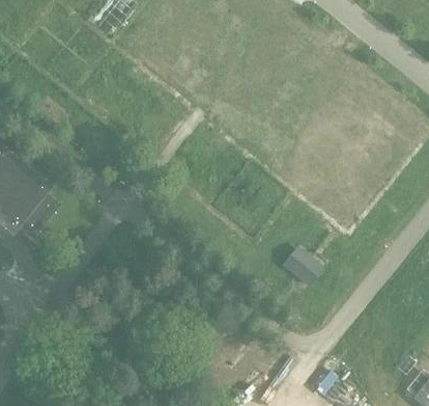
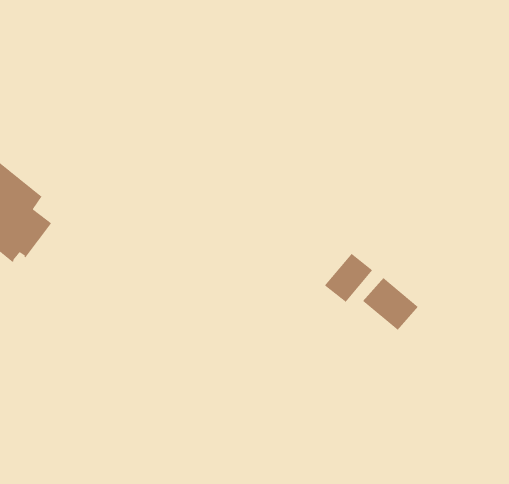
building: none -> [324,253,373,303]

